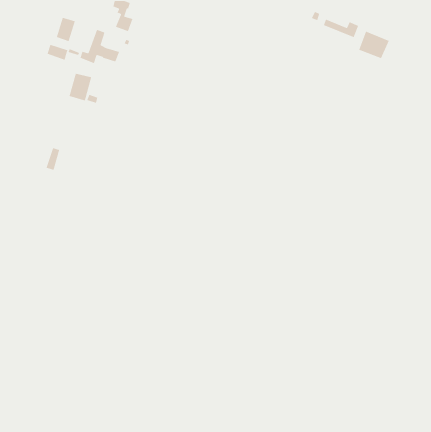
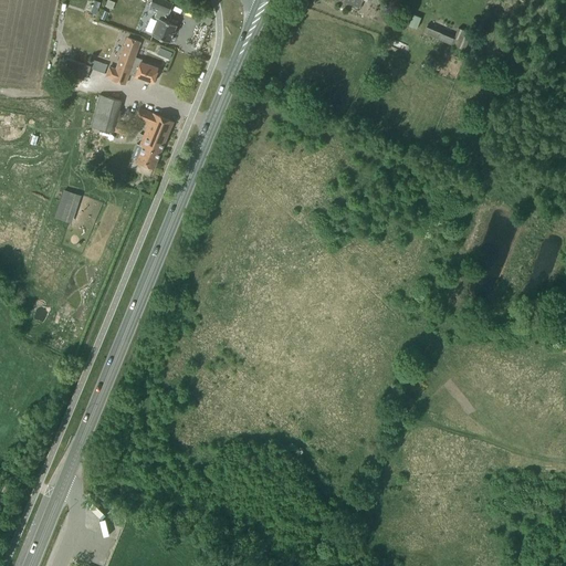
building: [56,17,76,42] -> none
building: [358,31,390,59] -> none
building: none -> [134,108,171,168]

